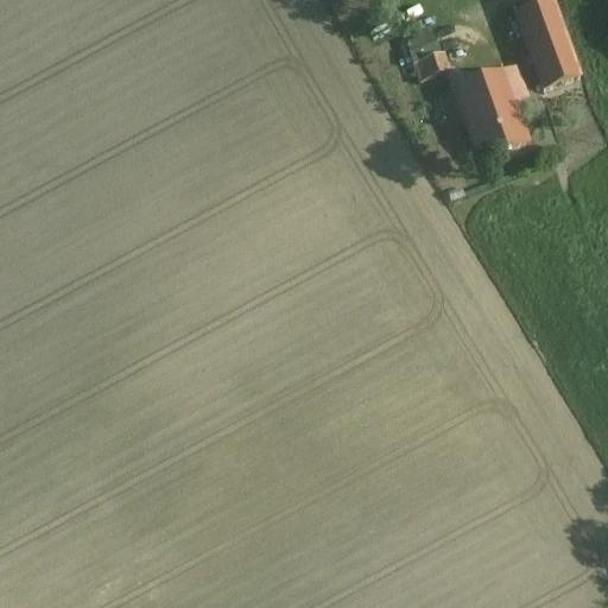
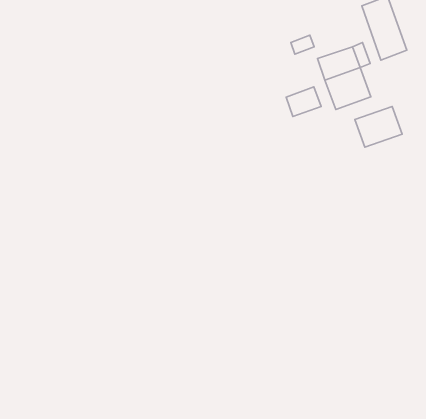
building: none -> [286,87,321,116]
building: none -> [355,107,402,147]

